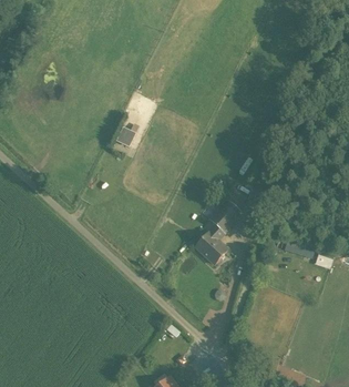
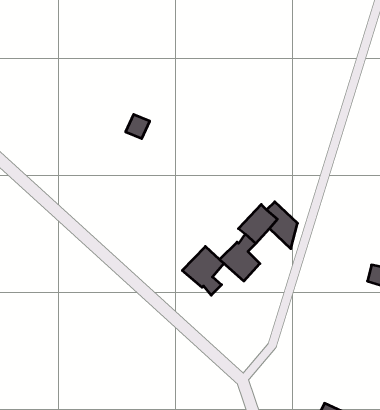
building: none -> [182,246,224,295]

